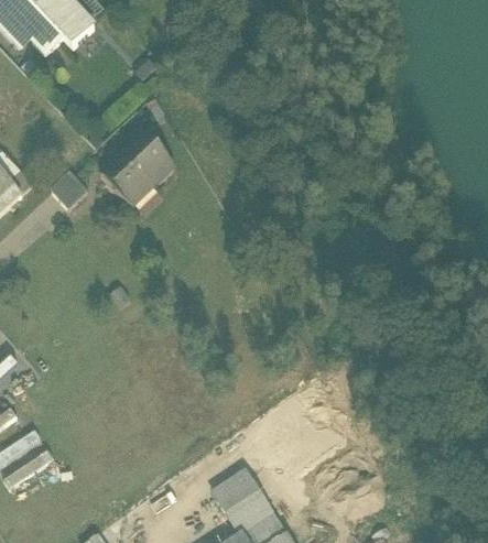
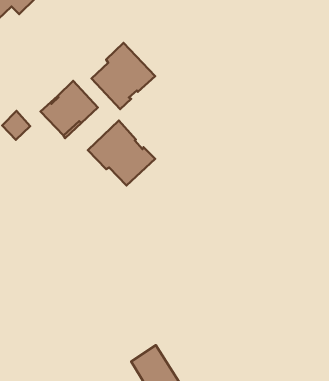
building: none -> [92,43,155,109]
building: none -> [88,121,155,186]

